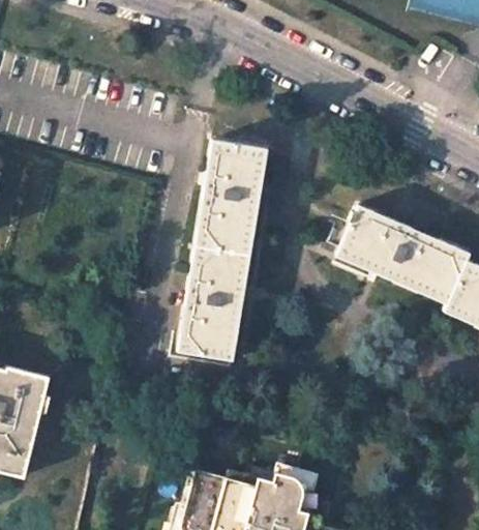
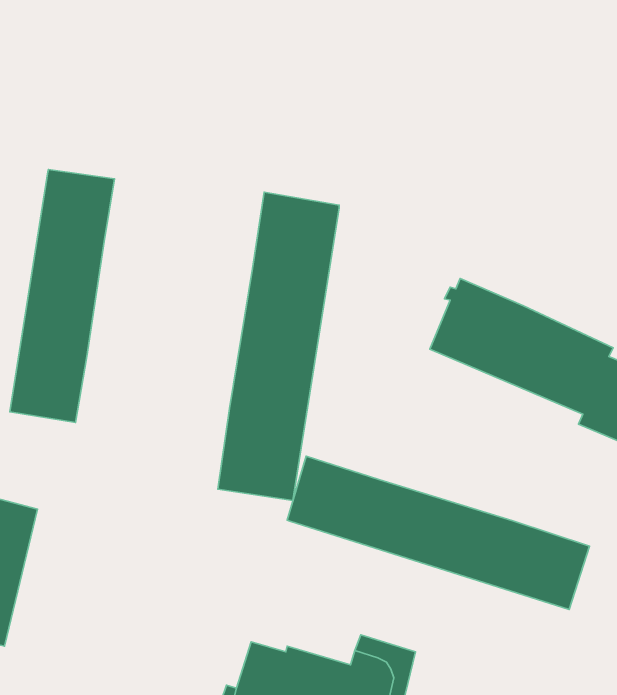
building: none -> [10,169,115,423]
building: none -> [287,456,590,609]

